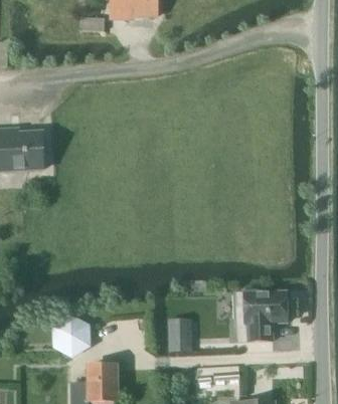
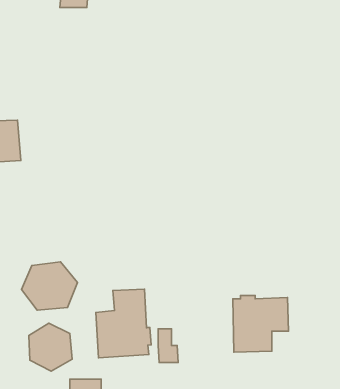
building: none -> [22,262,78,310]
building: none -> [96,289,151,358]

